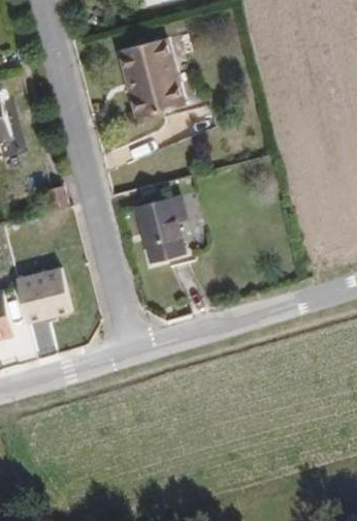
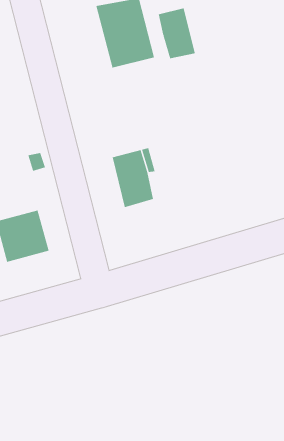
building: none -> [158,8,196,59]

